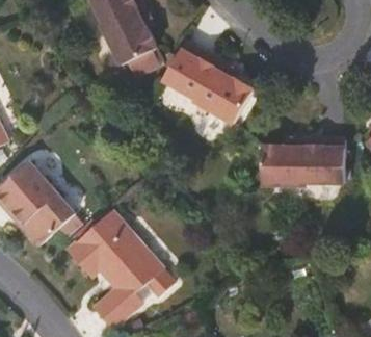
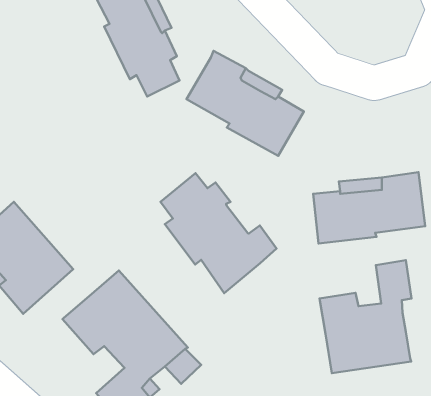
building: none -> [161,173,277,293]
building: none -> [319,260,411,373]

